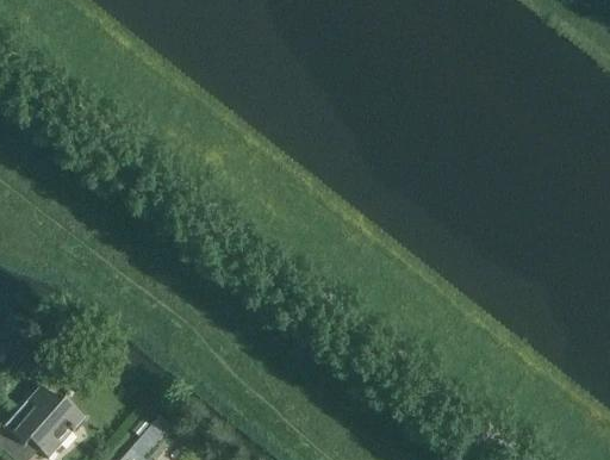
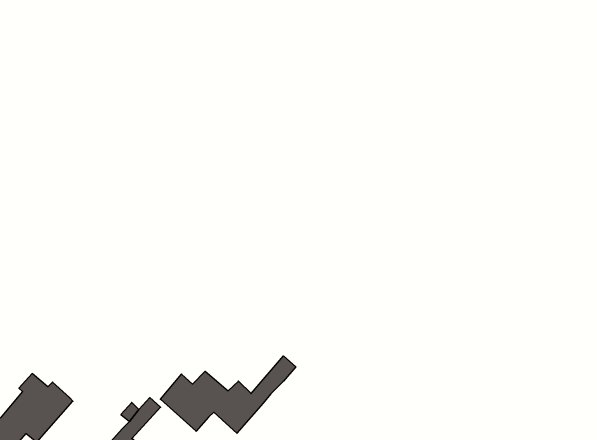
building: none -> [160,356,296,433]

